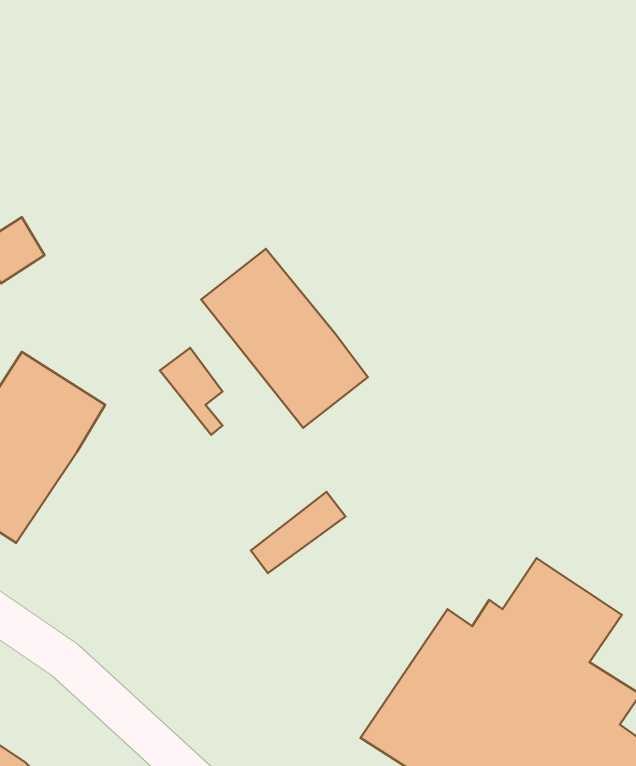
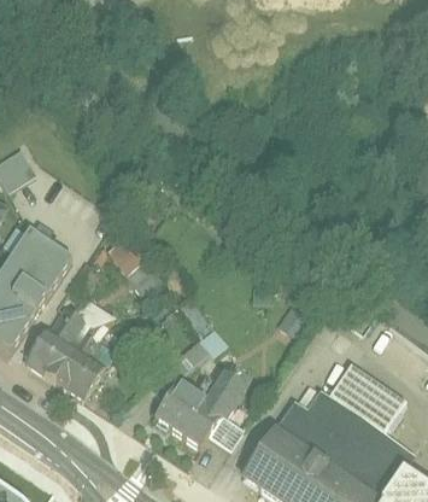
building: [201,249,368,428] -> none
building: none -> [17,299,119,399]
building: none -> [148,369,246,457]

